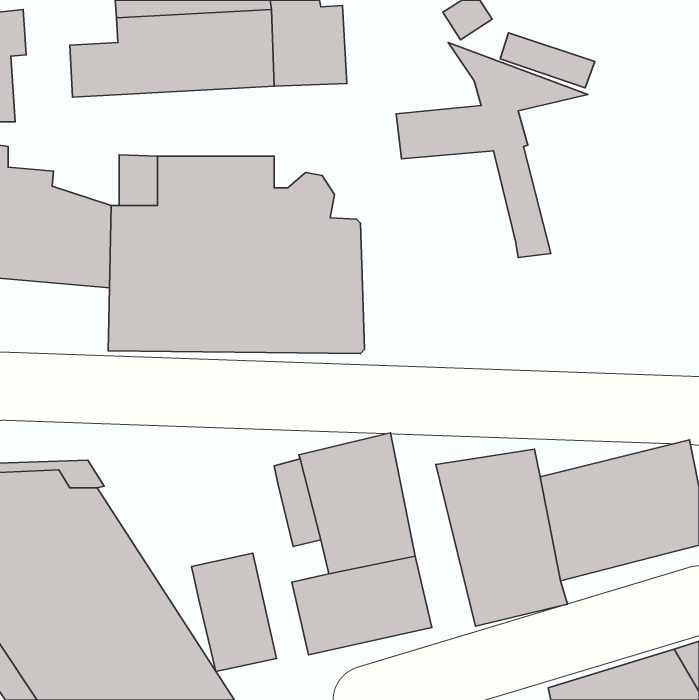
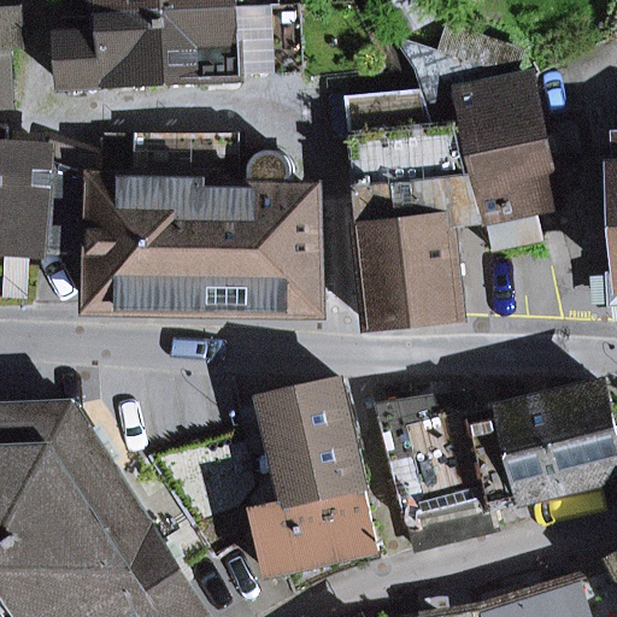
building: none -> [456,80,558,252]
building: none -> [353,133,463,324]
building: [191,553,276,671] -> none

